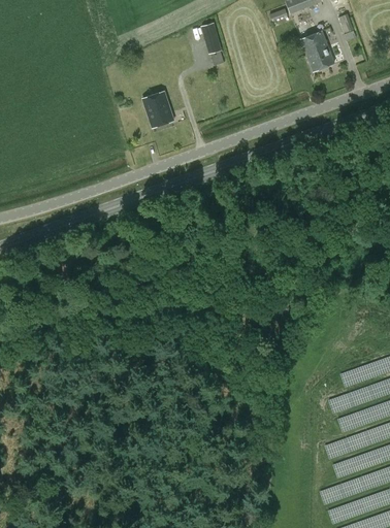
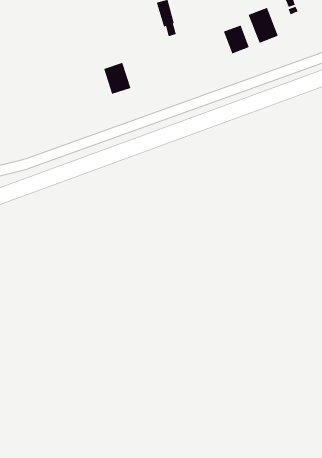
building: none -> [223,24,250,54]

